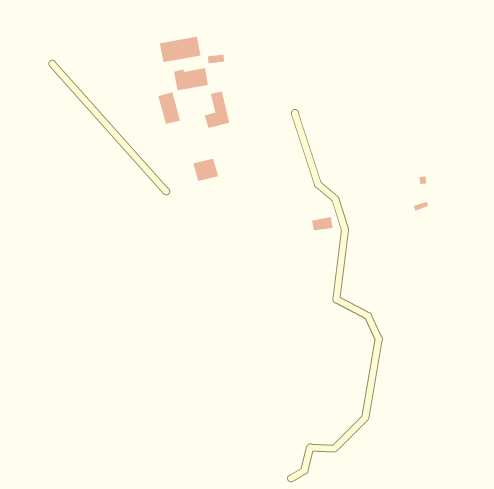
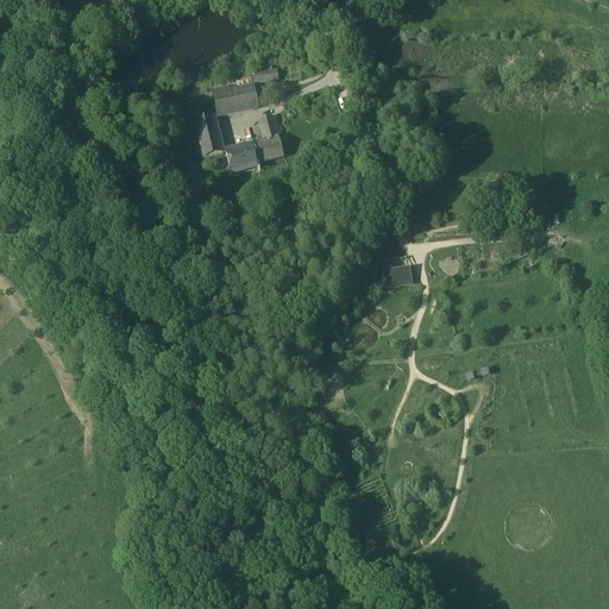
building: [159,36,201,63] -> none
building: [193,158,219,181] -> [225,142,257,170]

